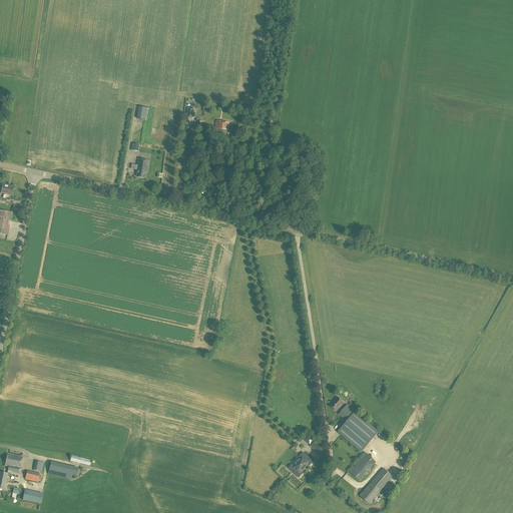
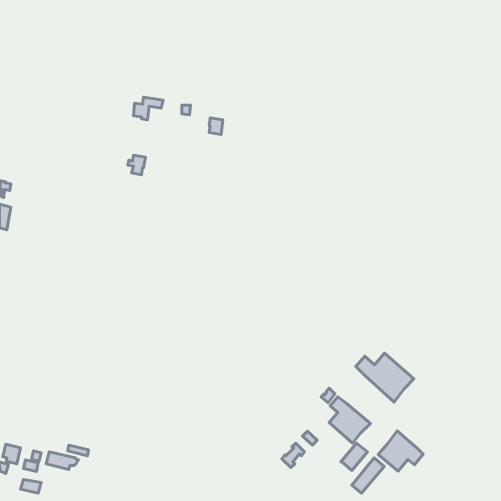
building: none -> [356,353,414,402]
building: none -> [378,431,423,471]

